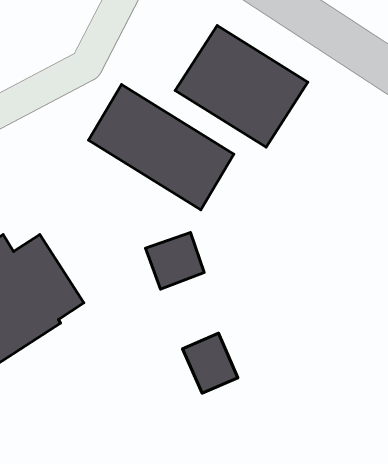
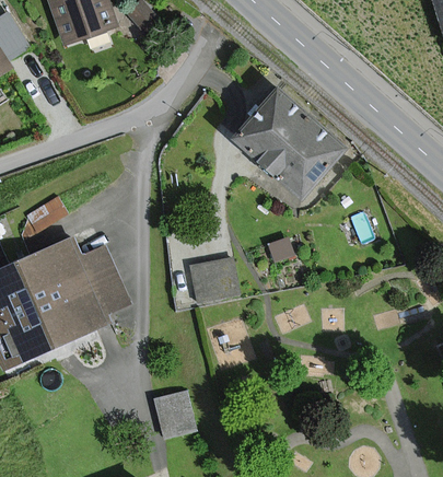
building: [88,84,234,210] -> none
building: [183,333,238,393] -> [155,393,198,441]

